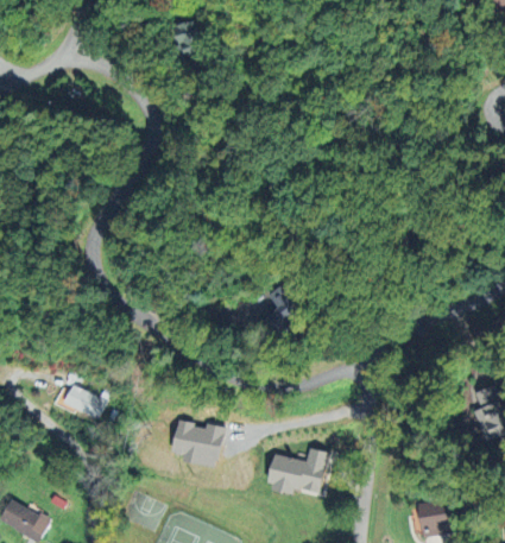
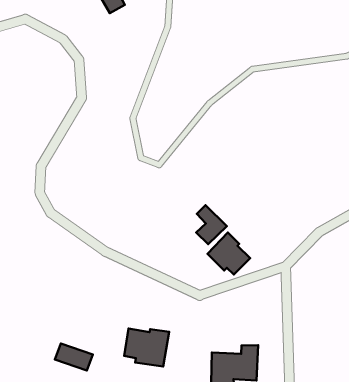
building: none -> [208,233,250,275]
building: [61,385,105,418] -> [55,343,93,371]

